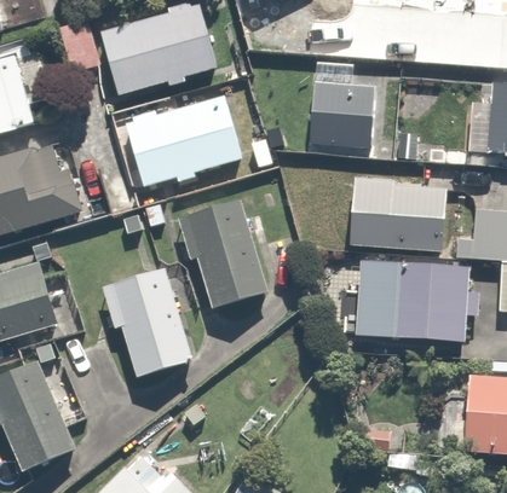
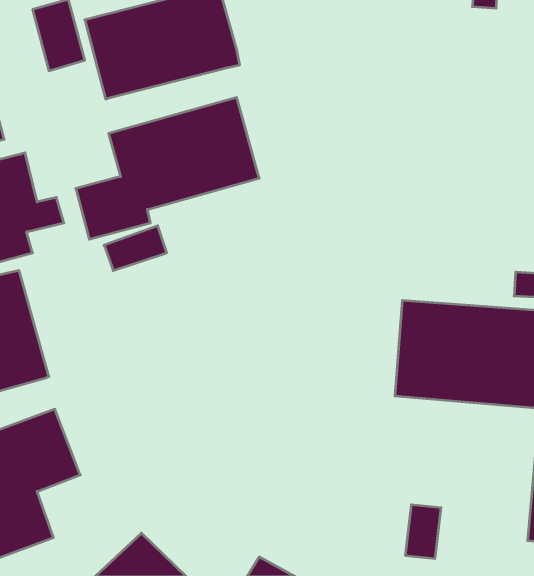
building: [307,77,378,146] -> none
building: [345,178,448,253] -> none
building: [175,199,273,309] -> none
building: [102,267,186,377] -> none

